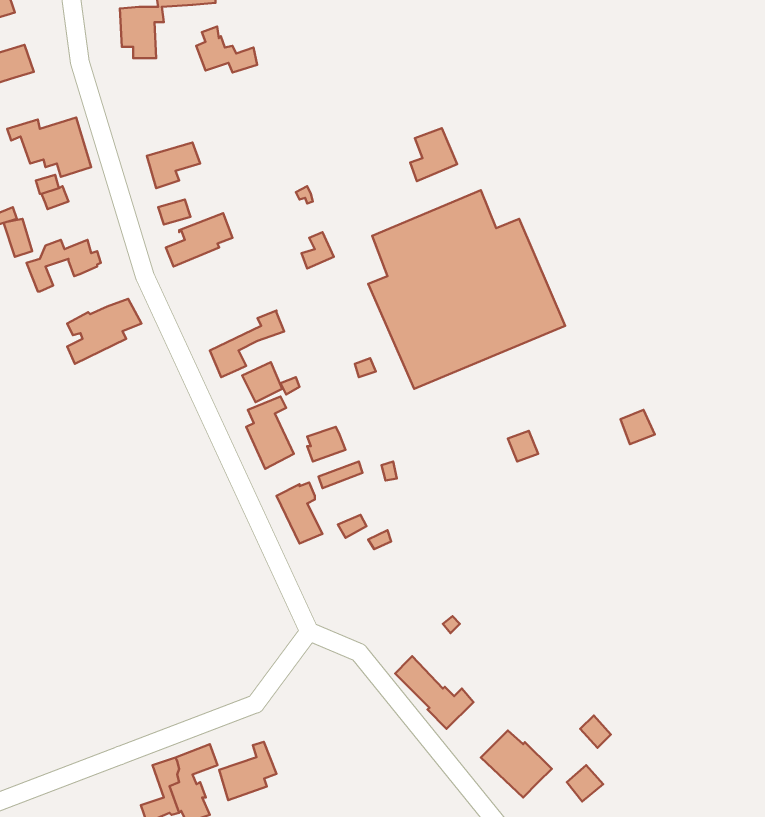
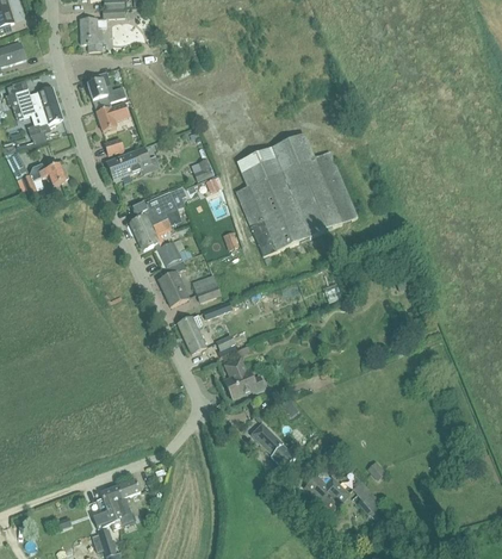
building: [196,27,257,72] -> [86,73,124,101]
building: [410,128,457,181] -> none
building: [67,299,142,364] -> [130,192,176,232]
building: none -> [223,359,264,399]
building: [219,742,276,800] -> none

